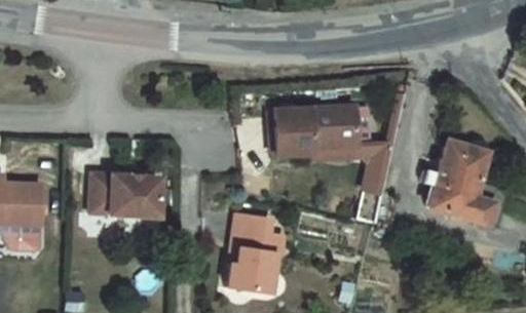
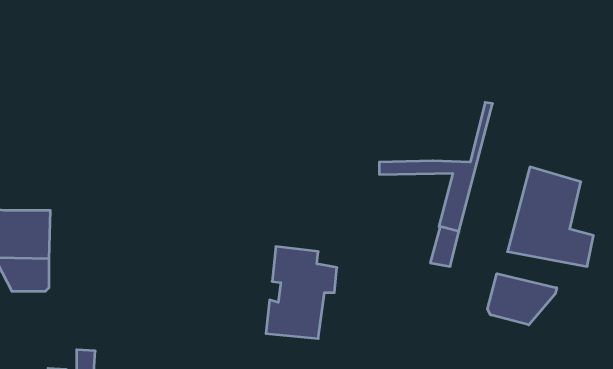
building: [283,102,363,147] -> none
building: [91,177,158,219] -> none
building: none -> [487,274,557,325]

